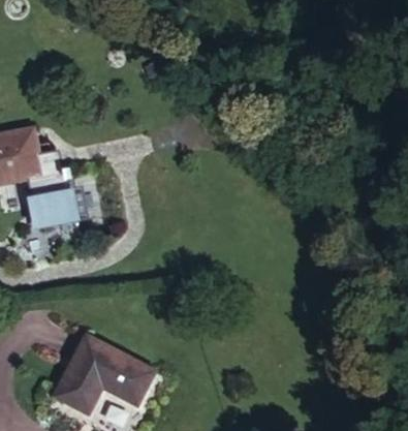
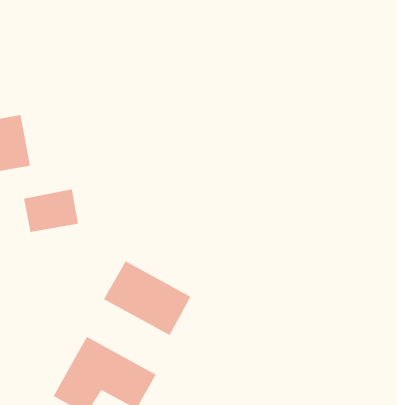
building: none -> [103,260,191,336]

